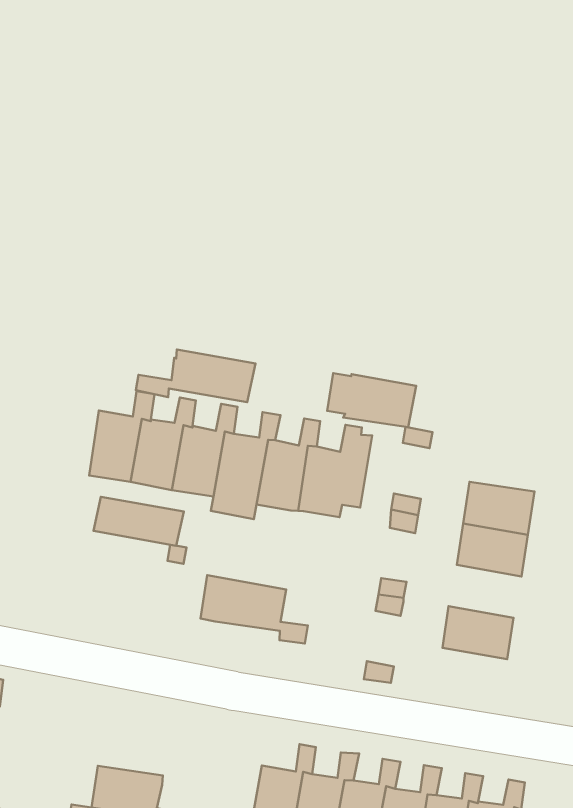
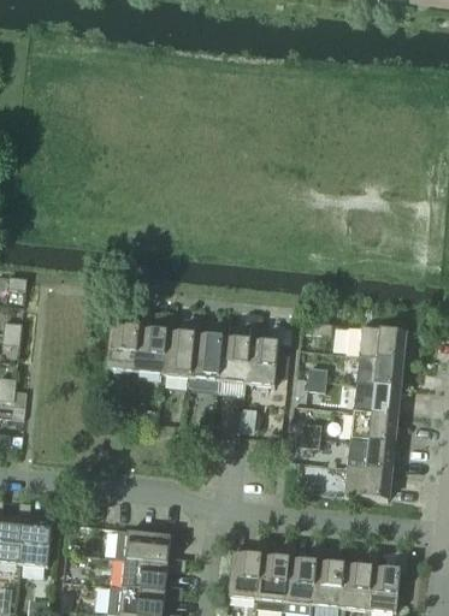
building: [136,350,255,402] -> none
building: [327,373,416,427] -> [347,328,404,361]
building: [93,497,184,546] -> none
building: none -> [349,413,396,445]
building: [201,575,308,644] -> [114,531,185,571]
building: none -> [344,468,390,500]

